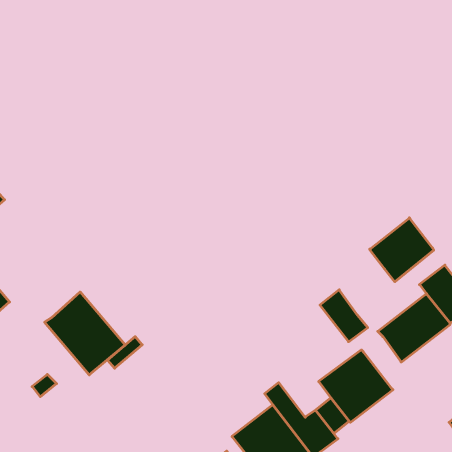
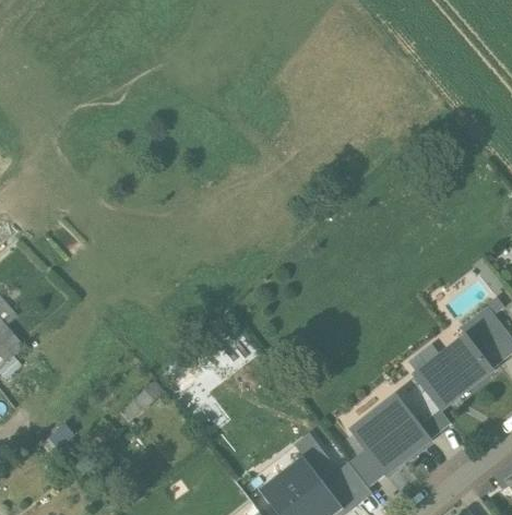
building: [370,218,434,282] -> none
building: [320,290,368,342] -> [400,383,451,439]
building: [45,292,125,375] -> none

